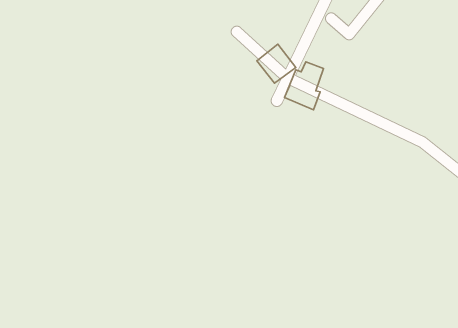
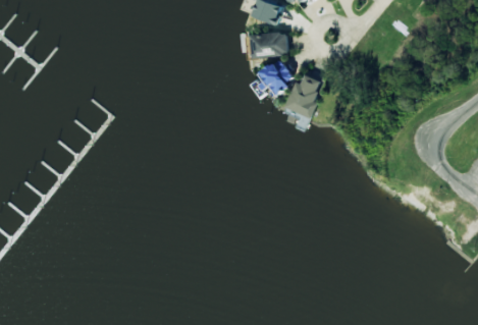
building: none -> [249,34,285,56]

